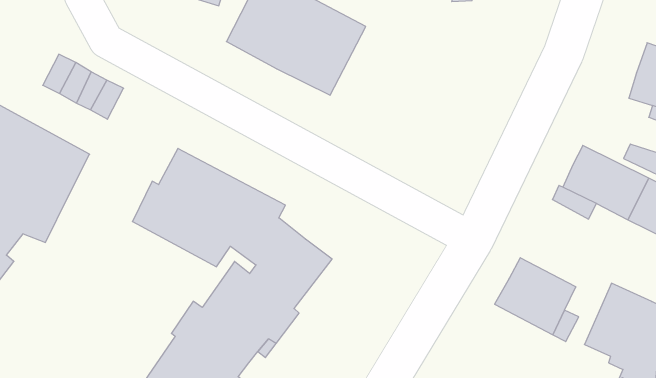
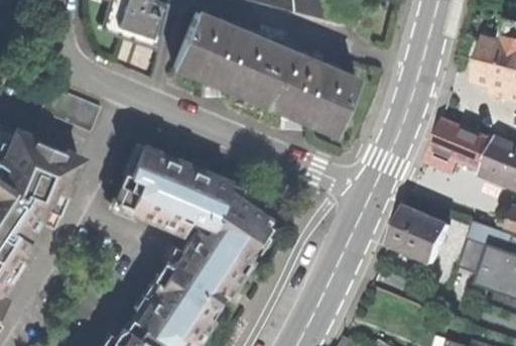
building: none -> [252,44,355,132]

